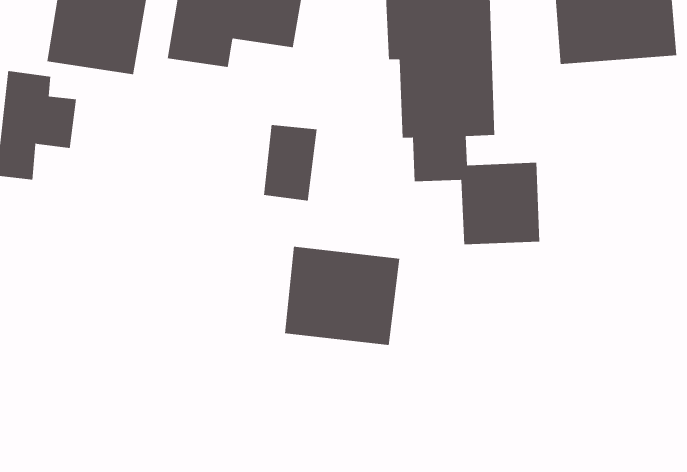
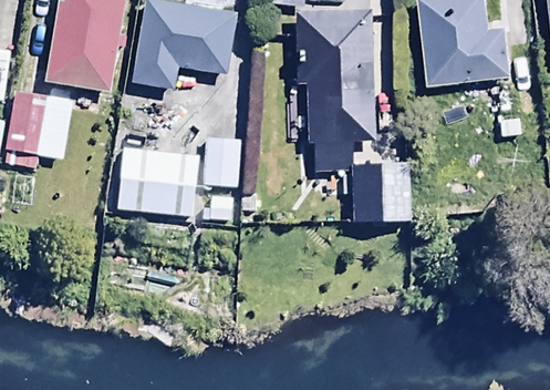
building: [284,246,400,346] -> [118,144,204,217]

